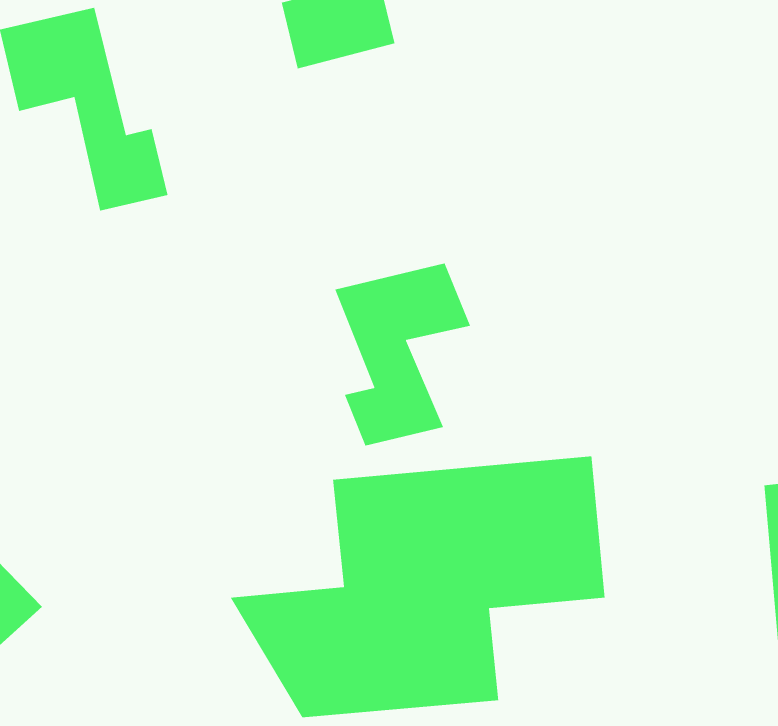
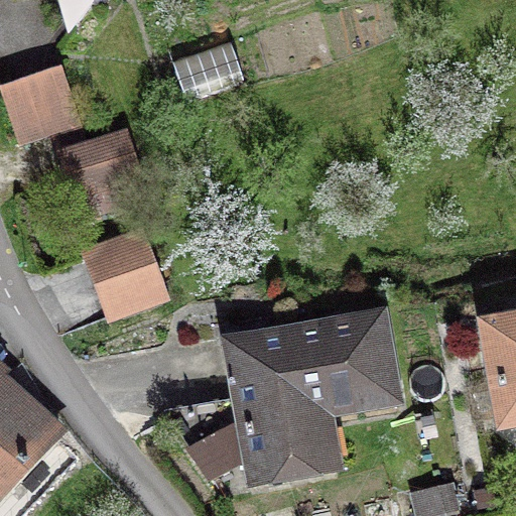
building: [334,262,471,446] -> none
building: none -> [88,233,162,313]

